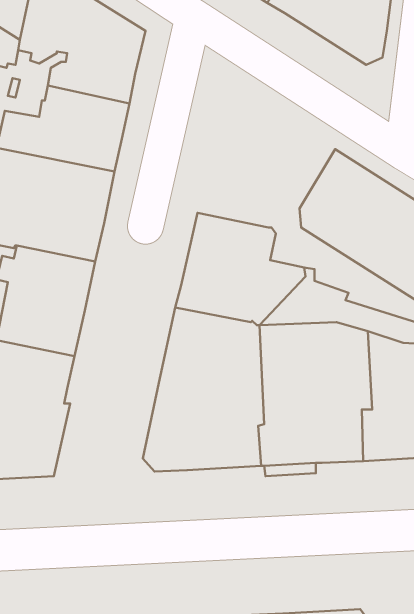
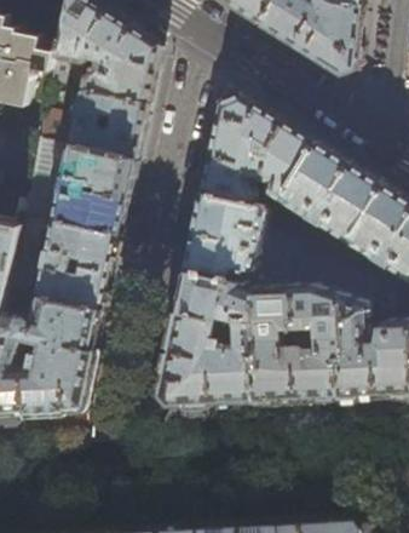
building: none -> [201,97,313,207]

